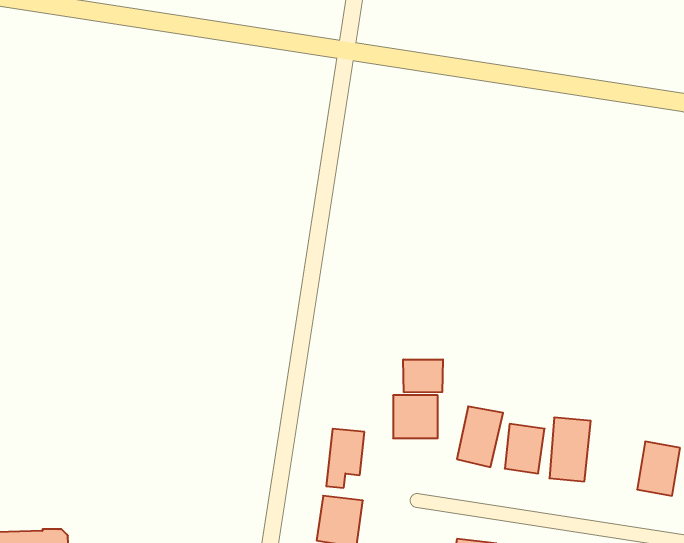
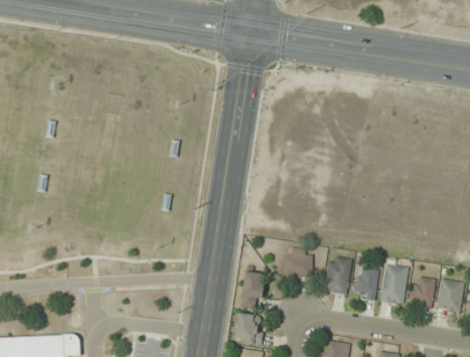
building: [403,359,443,392] -> none
building: none -> [411,278,433,307]

